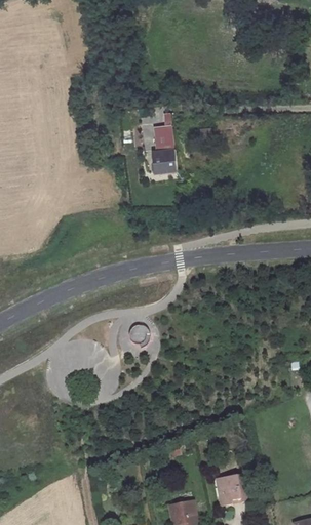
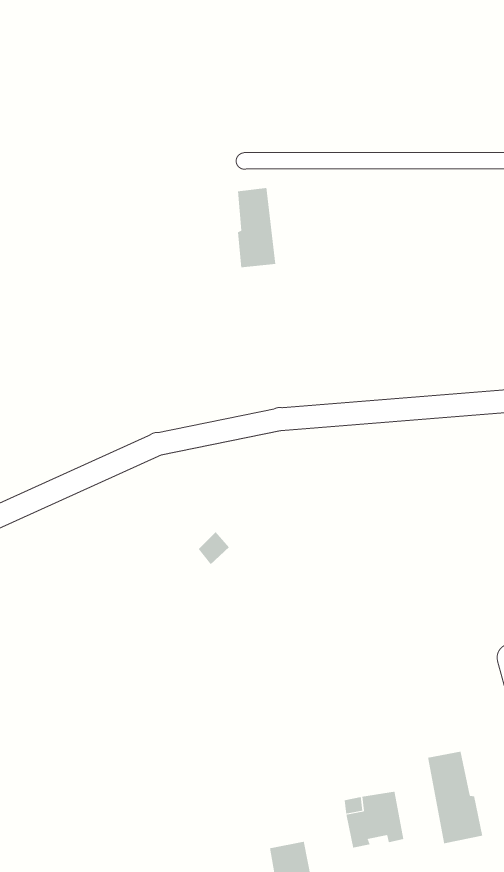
building: none -> [428,751,483,844]

